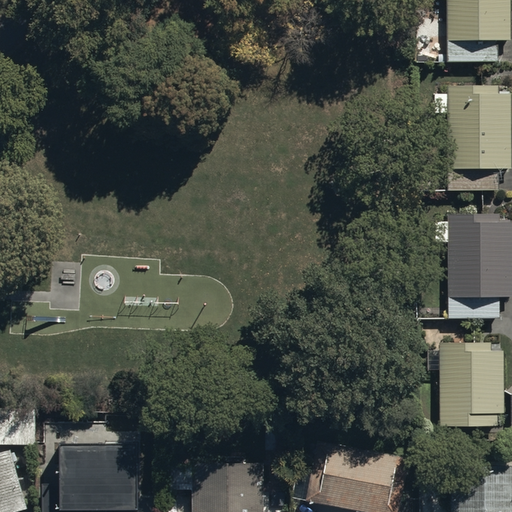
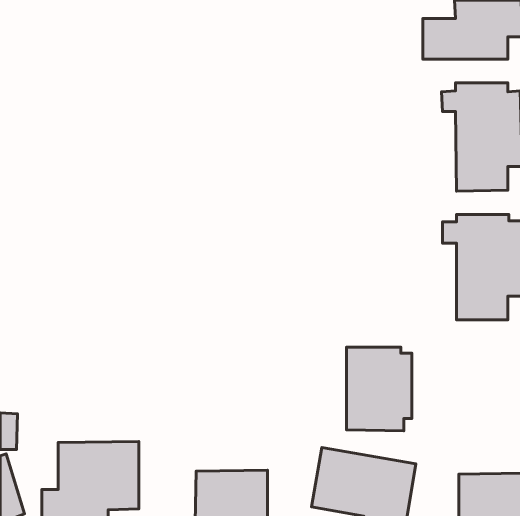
building: [440,345,504,427] -> [347,347,412,431]

